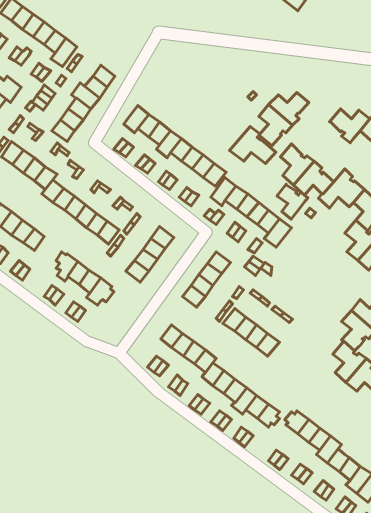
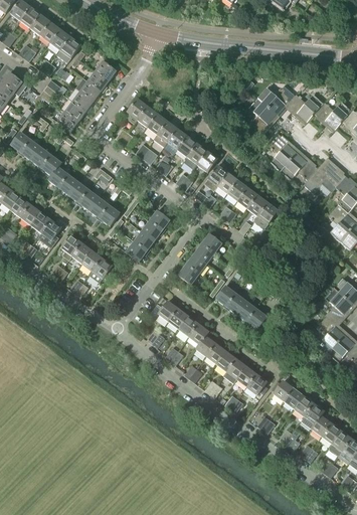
building: none -> [286,94,323,124]
building: [230,126,276,163] -> none
building: [277,184,308,219] -> none
building: none -> [37,218,61,247]

